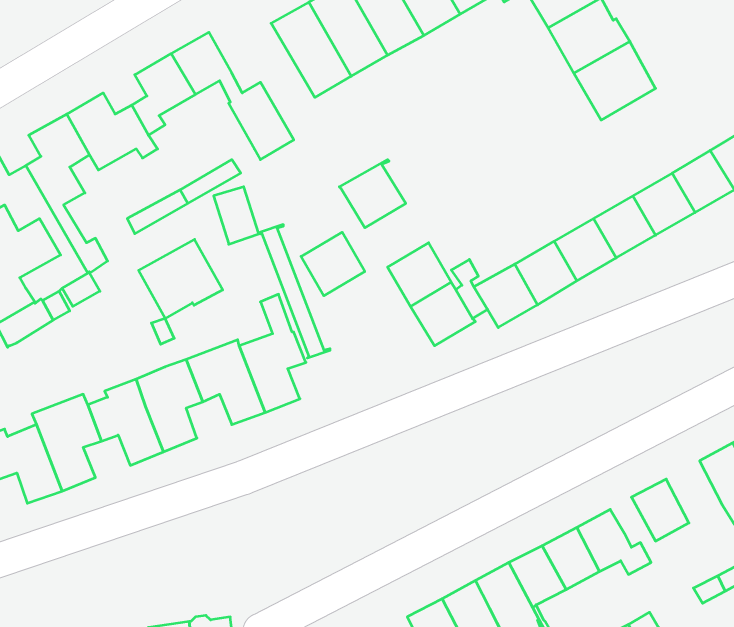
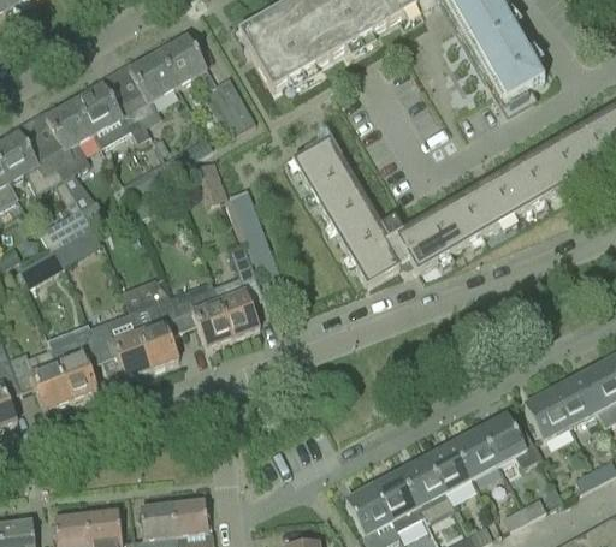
building: [301,232,365,296] -> [313,171,363,221]
building: [139,239,223,319] -> none
building: none -> [552,375,597,424]

